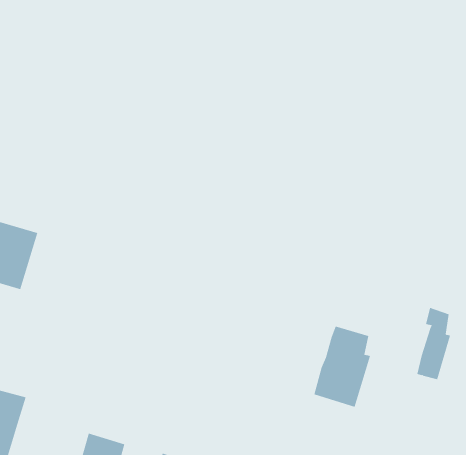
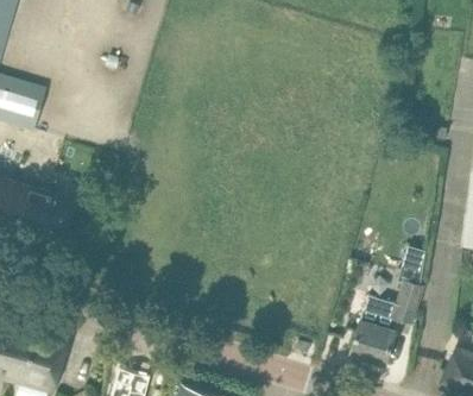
building: [314,326,371,407] -> [351,295,398,363]

